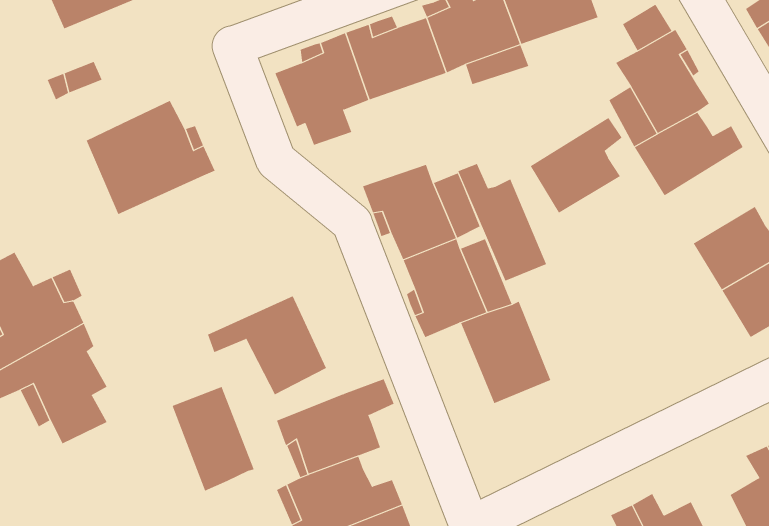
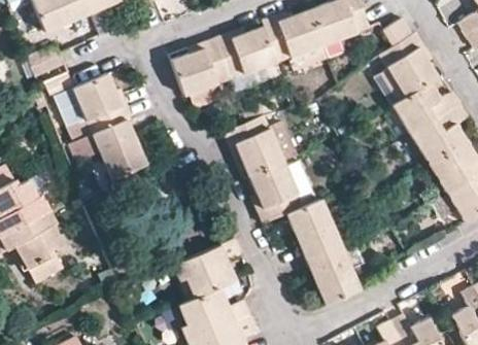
building: [530,117,622,213] -> [410,105,467,164]
building: [458,163,547,281] -> none
building: [207,296,327,395] -> [76,123,149,183]
building: none -> [306,247,358,305]
building: [172,386,254,491] -> none

